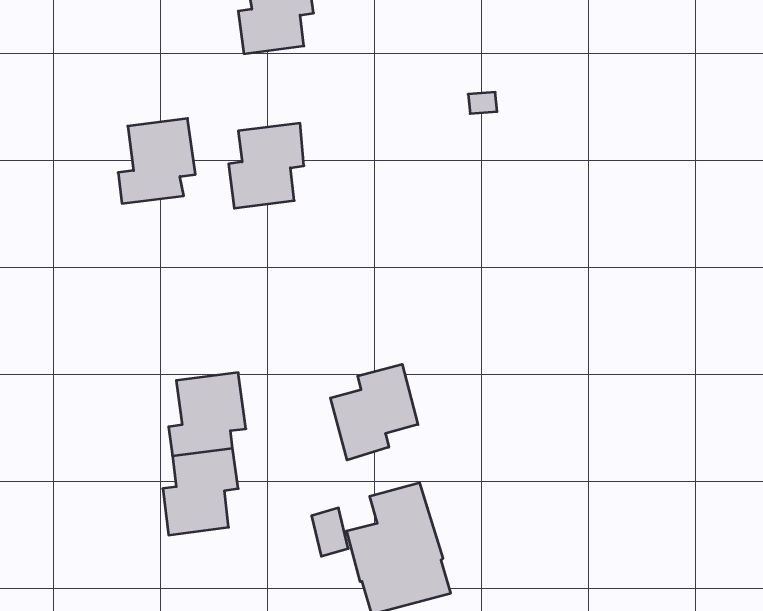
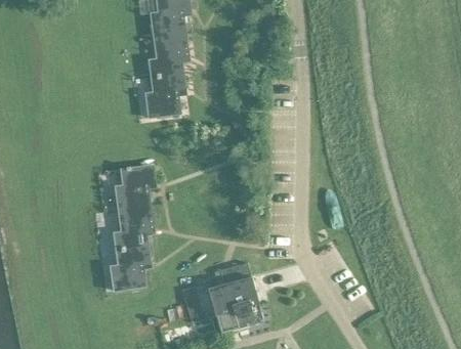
building: [118,118,195,203] -> [146,31,187,76]
building: none -> [113,164,154,208]
building: [330,364,418,460] -> none

